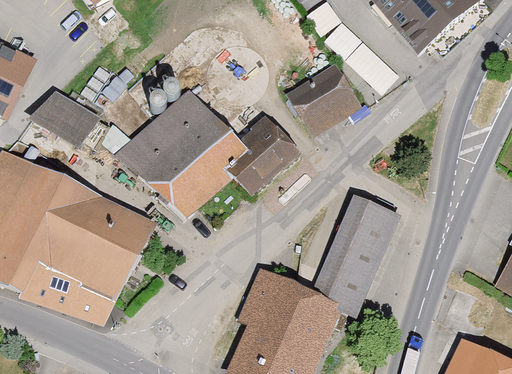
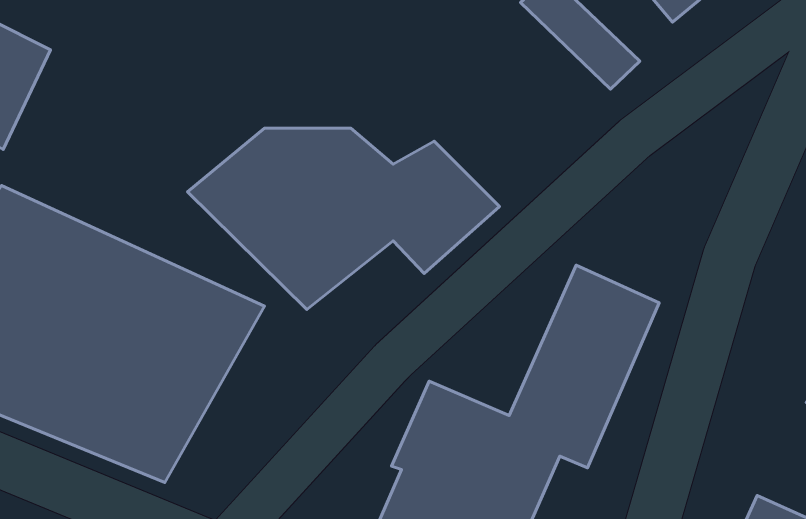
building: [287,58,371,140] -> none
building: [21,96,95,153] -> none

